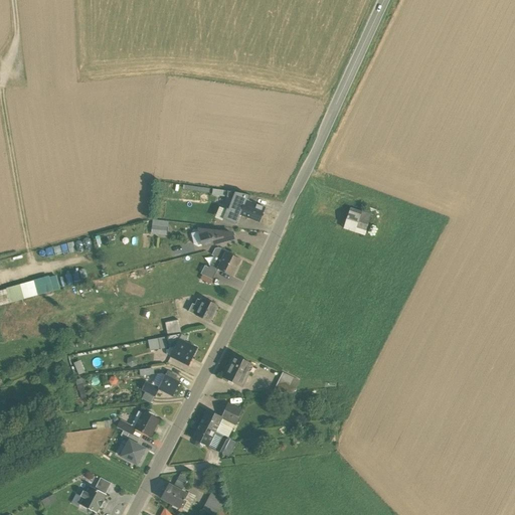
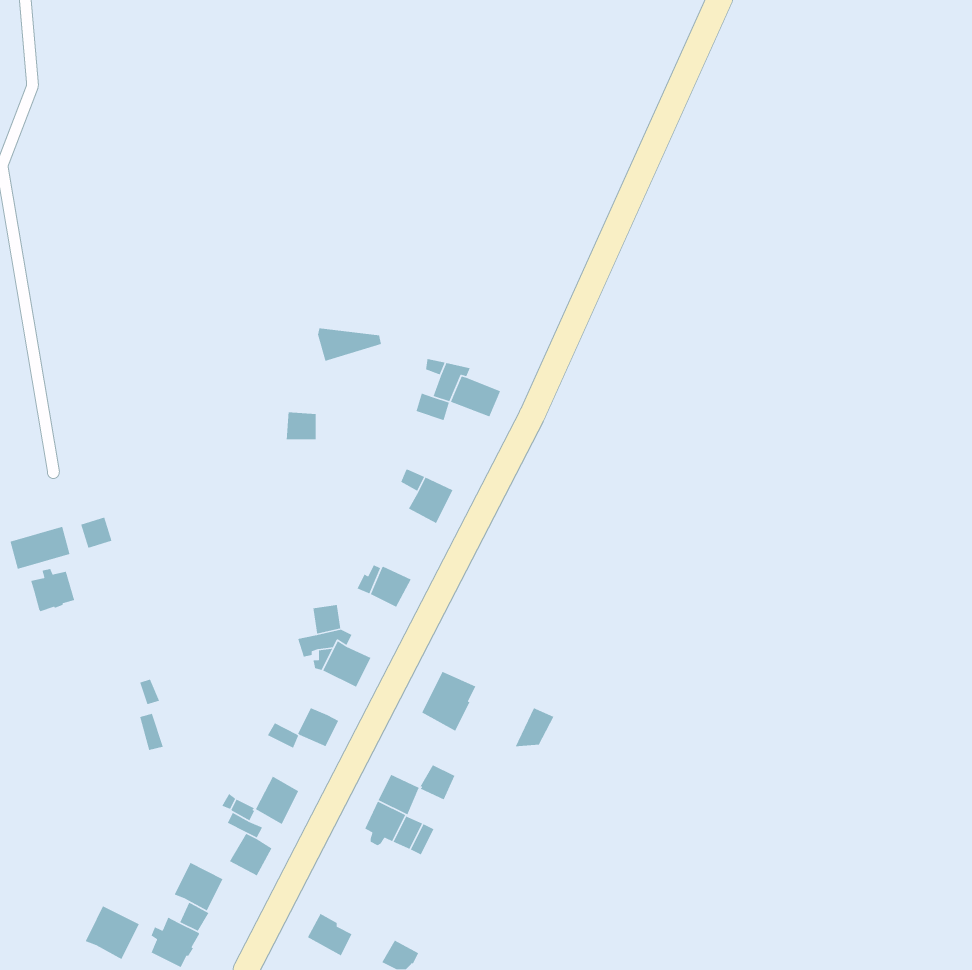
building: [344,208,367,232] -> none
building: [197,228,231,246] -> [317,327,382,362]
building: none -> [30,568,75,612]
building: none -> [174,862,224,911]
building: none -> [85,905,140,960]

